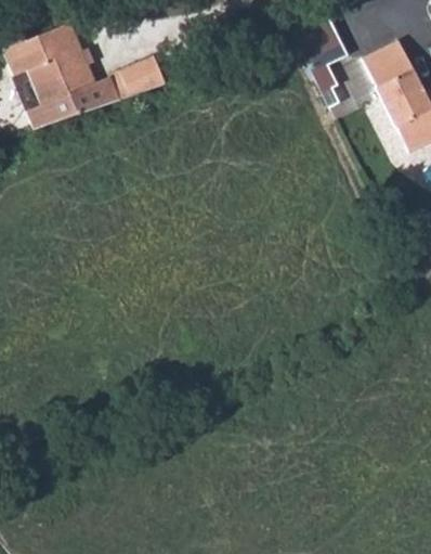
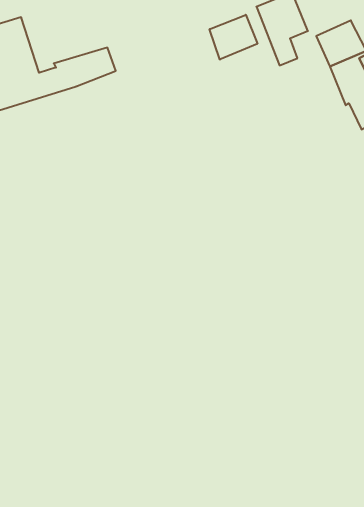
building: none -> [210,15,257,60]

